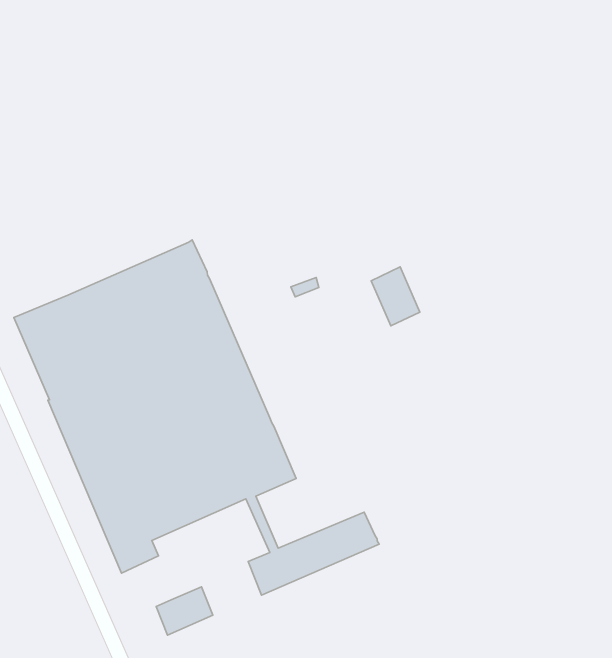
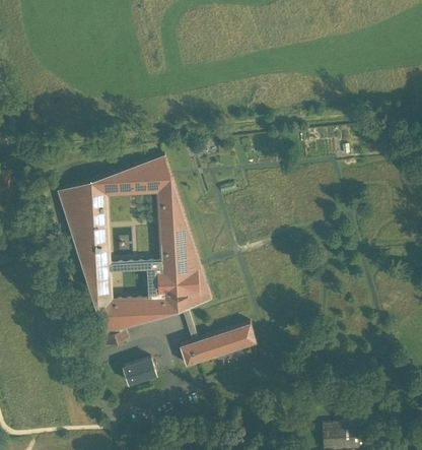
building: [371,267,420,326] -> none

